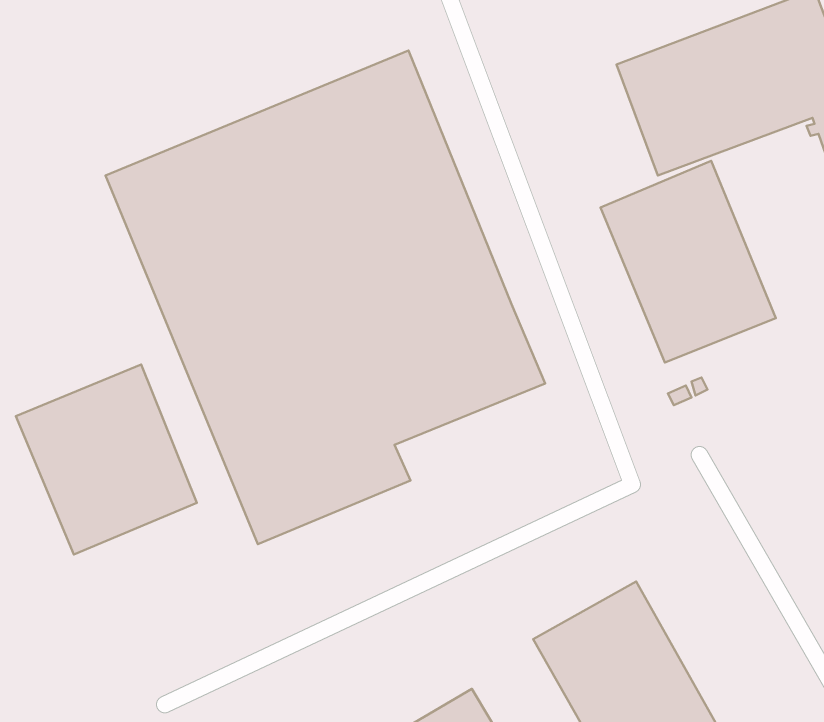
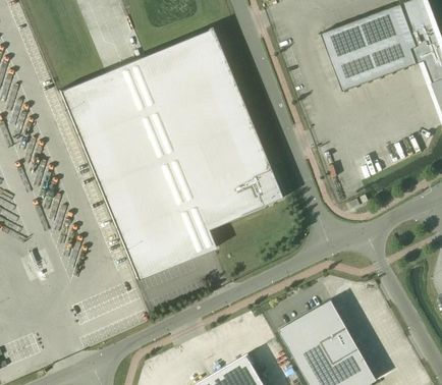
building: [600,161,776,362] -> none
building: [16,365,197,555] -> none

